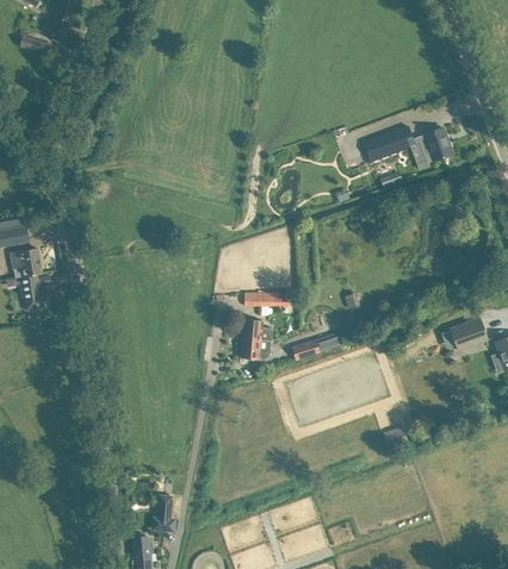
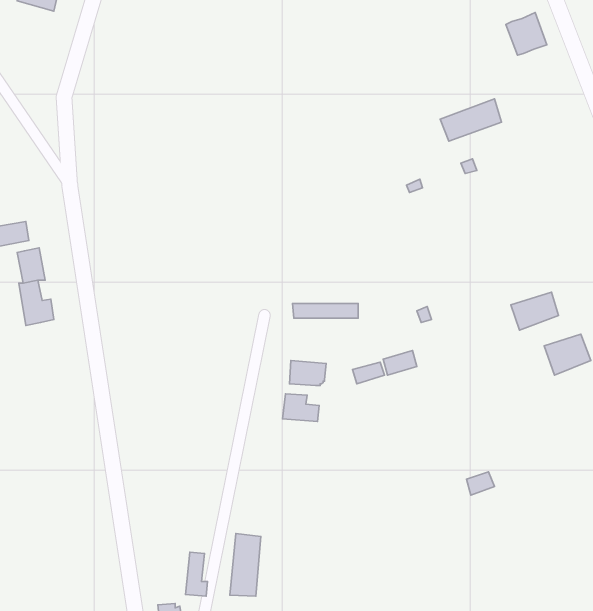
building: [419,127,452,162] -> [506,13,547,55]
building: none -> [511,292,559,330]
building: [242,319,272,342] -> [282,394,319,422]
building: none -> [230,534,261,596]

